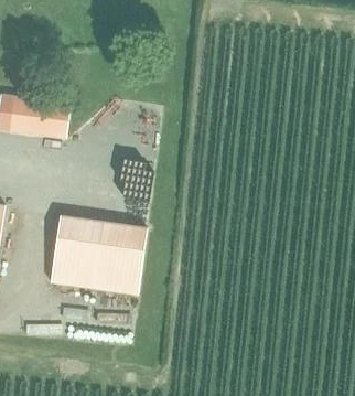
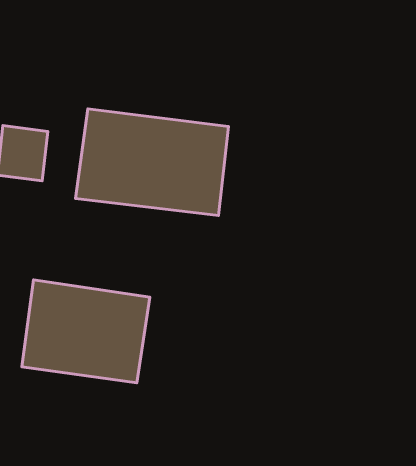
building: none -> [76,109,229,215]

